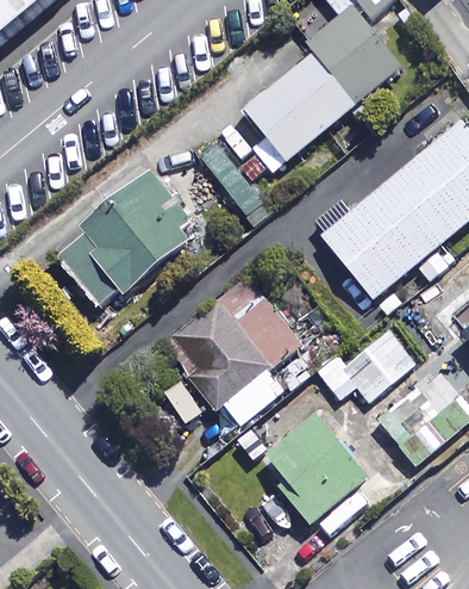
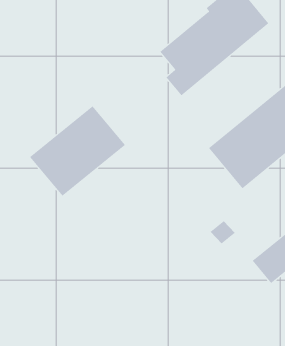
building: [163,275,302,428] -> none
building: [349,324,417,401] -> none
building: [268,416,364,521] -> none

